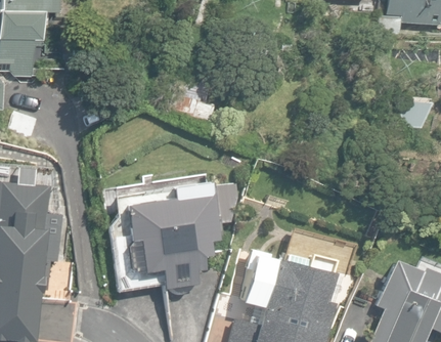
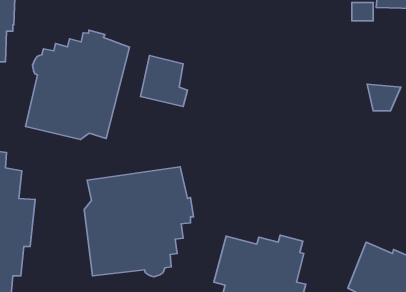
building: none -> [25,30,130,139]

